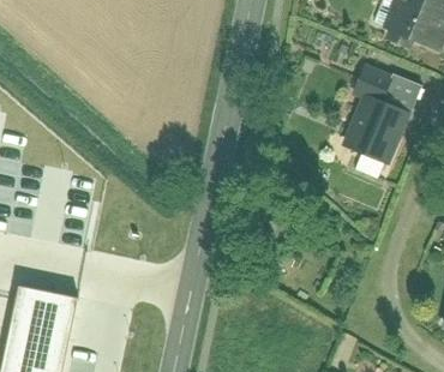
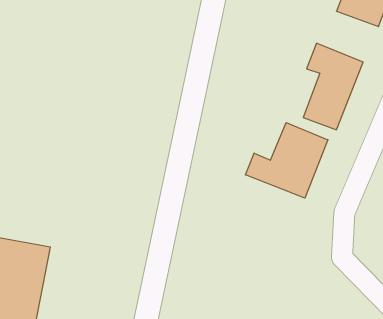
building: none -> [245,123,328,198]

